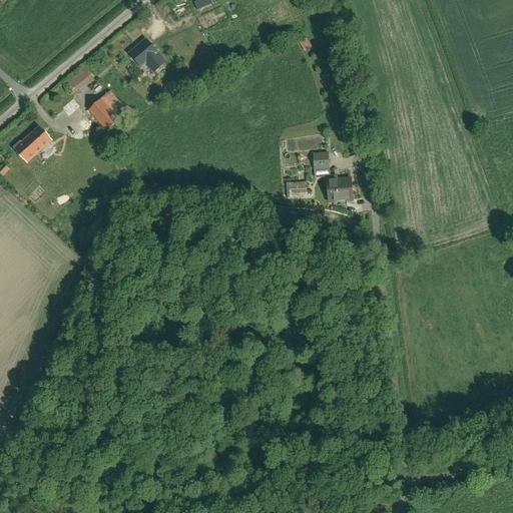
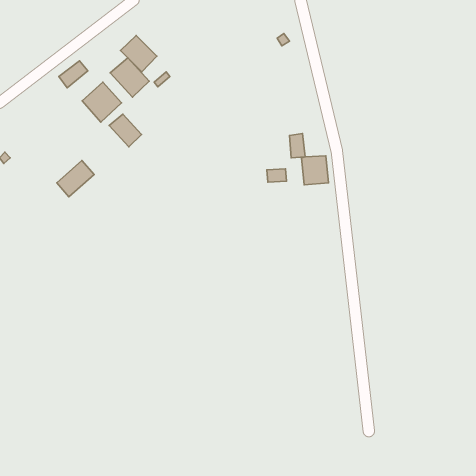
building: none -> [110,58,149,97]
building: none -> [109,114,142,147]
building: [12,125,52,164] -> [57,160,94,197]

